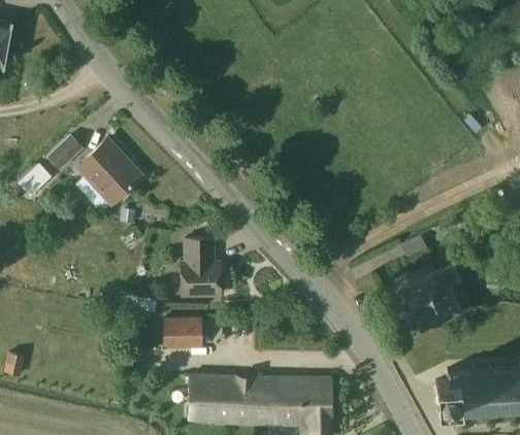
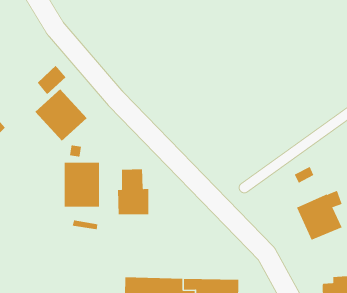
building: [46,133,84,171] -> [37,65,67,95]
building: none -> [64,162,99,207]
building: [162,319,200,348] -> none

